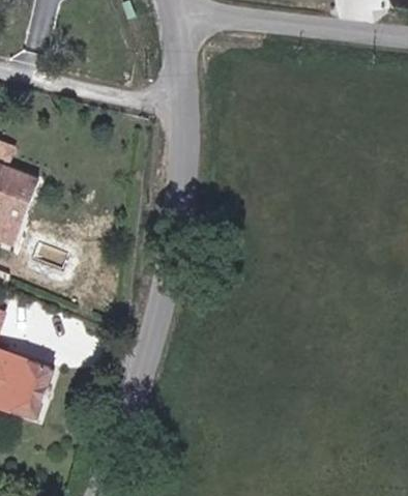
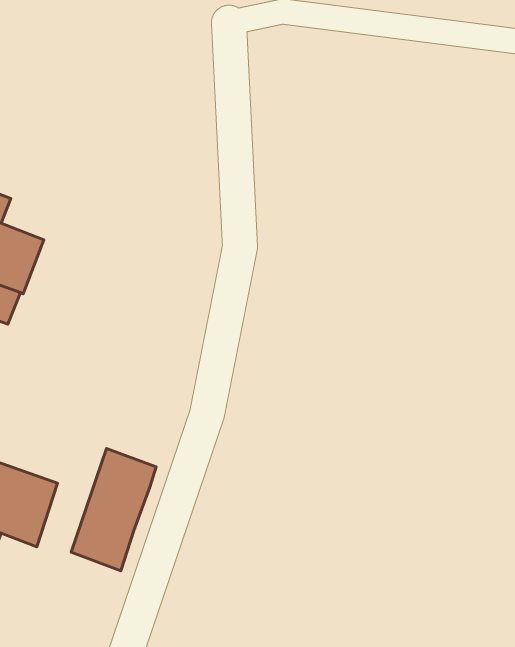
building: none -> [71,448,156,571]

